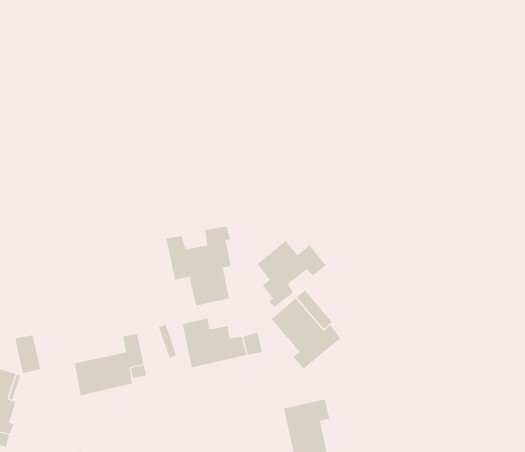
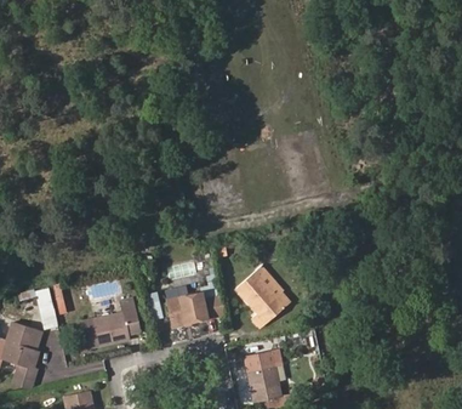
building: [166,226,231,306] -> none
building: [257,240,327,308] -> none

